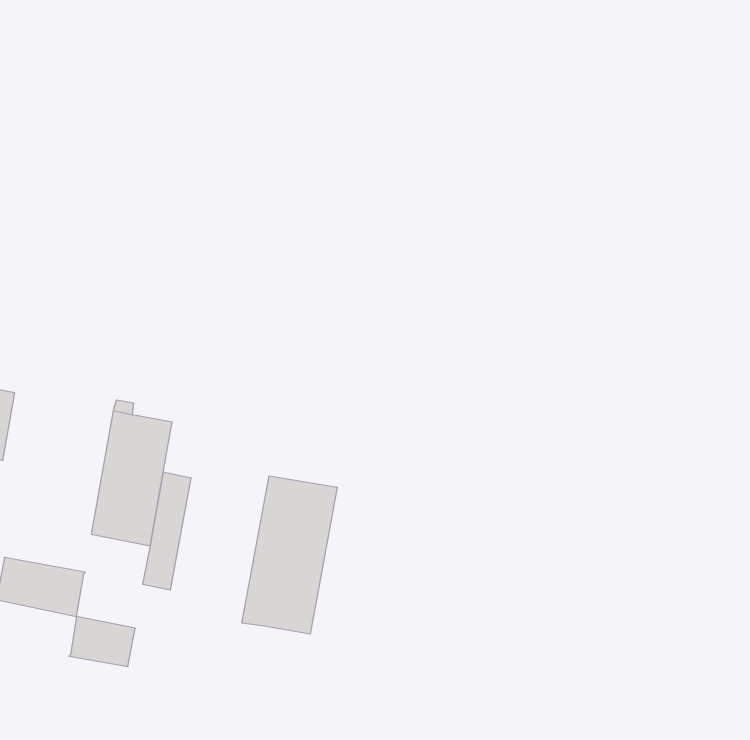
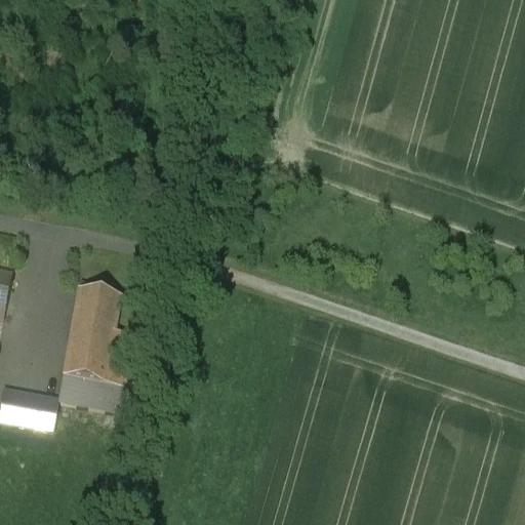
building: [242,476,337,634] -> none
building: [69,616,135,666] -> [58,372,105,407]

